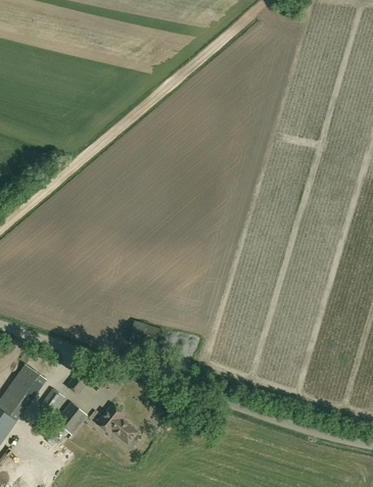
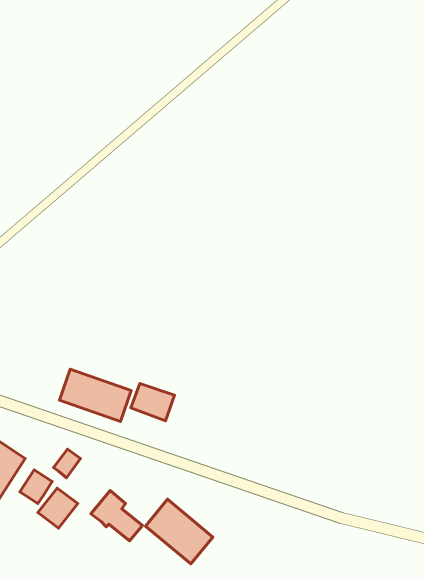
building: none -> [60,369,131,421]
building: none -> [145,499,213,564]

